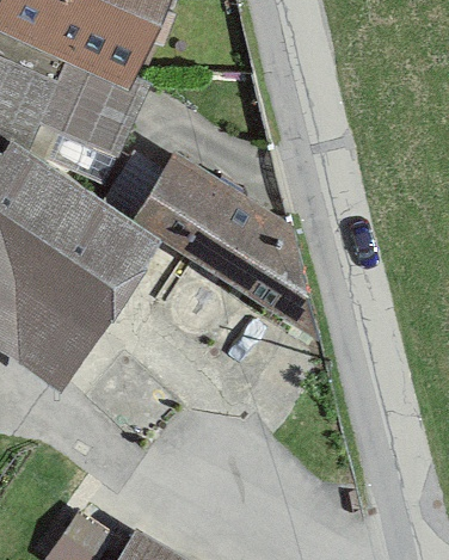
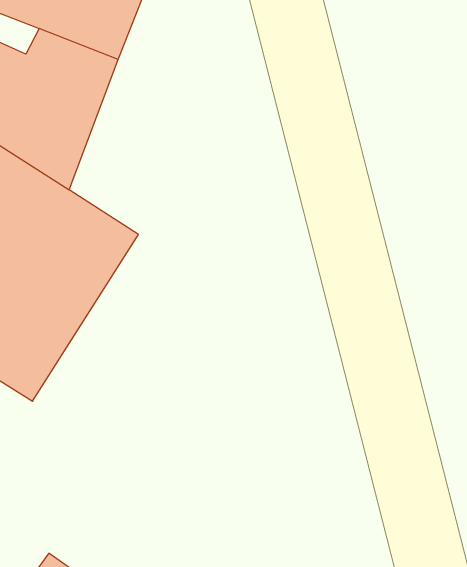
building: [137,153,314,338] -> none

